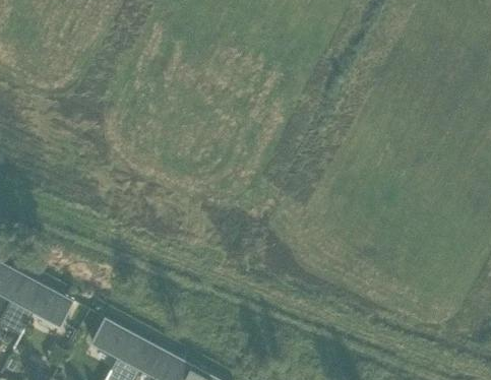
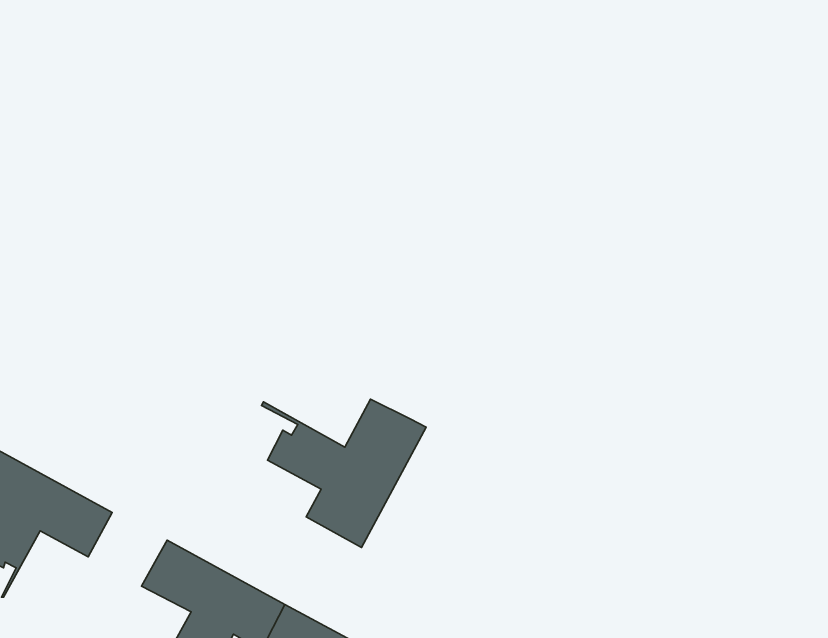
building: none -> [261,399,426,547]

